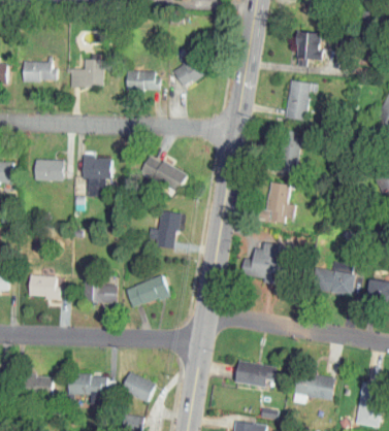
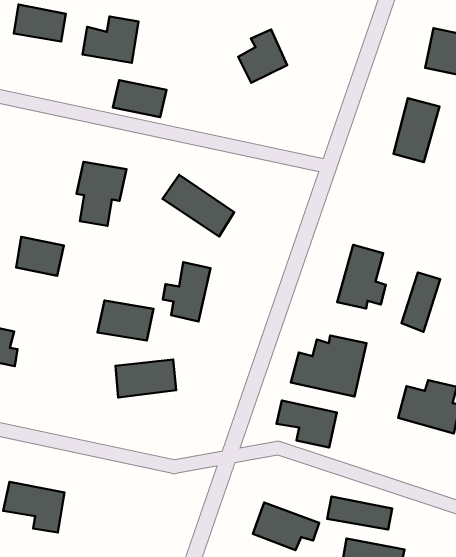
building: [125,70,158,90] -> [113,80,166,117]
building: [279,135,299,173] -> [401,272,440,332]
building: [34,159,63,180] -> [16,237,64,276]
building: [83,280,117,302] -> [98,300,154,341]
building: none -> [277,400,337,448]
building: none -> [327,497,392,529]
building: [121,371,155,402] -> none

